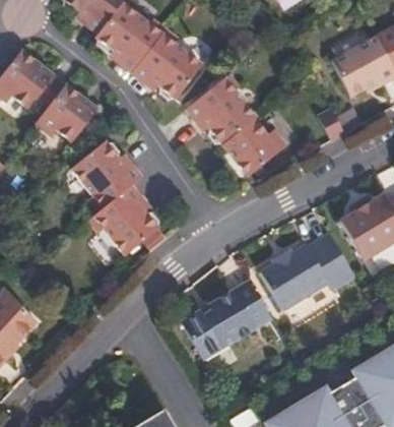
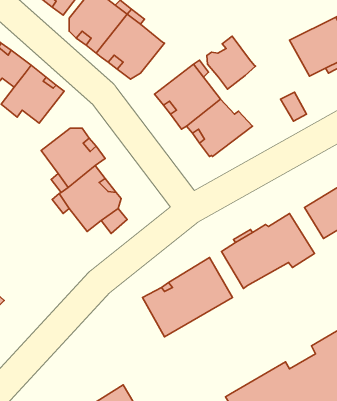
building: none -> [207,36,255,89]

